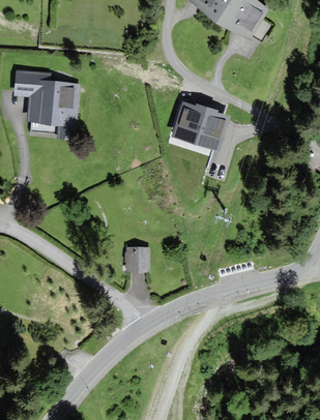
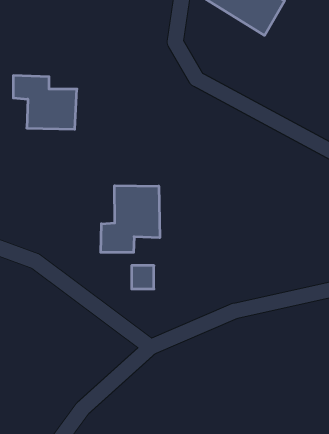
building: [172,102,227,148] -> none
building: none -> [101,186,160,252]

